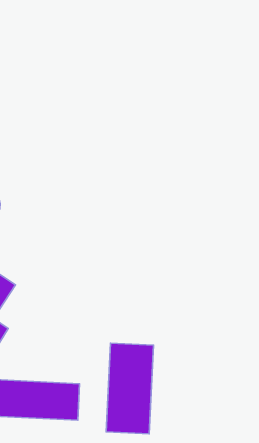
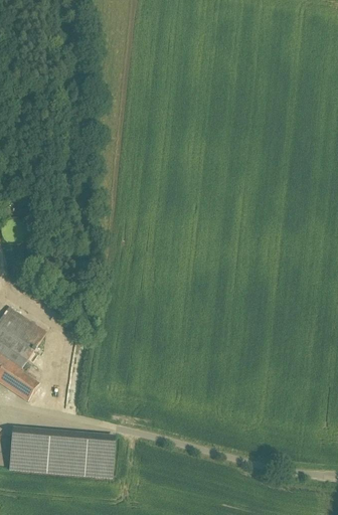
building: [106,343,153,434] -> none

